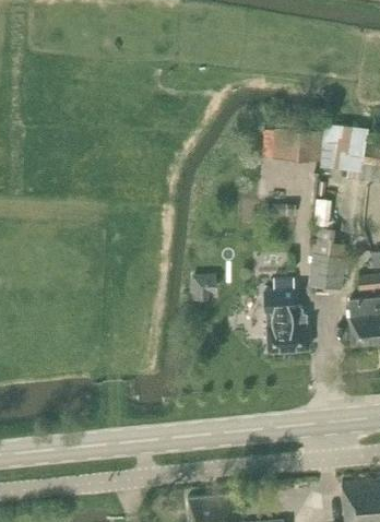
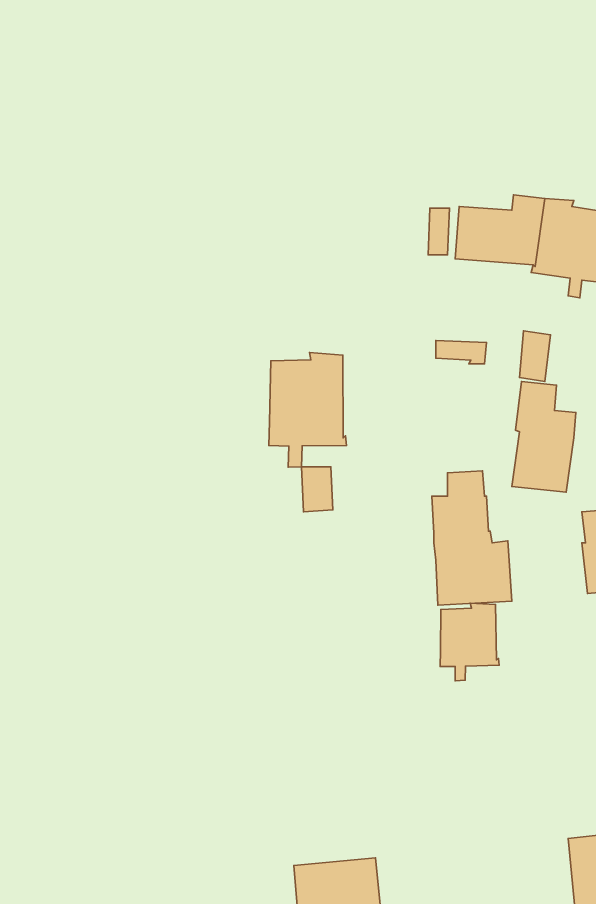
building: none -> [269,352,347,467]
building: none -> [440,603,499,681]

